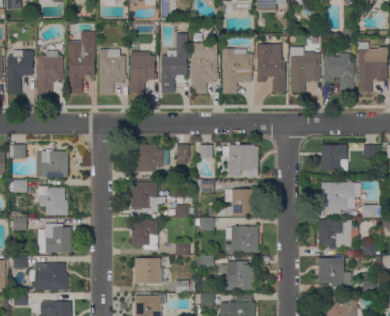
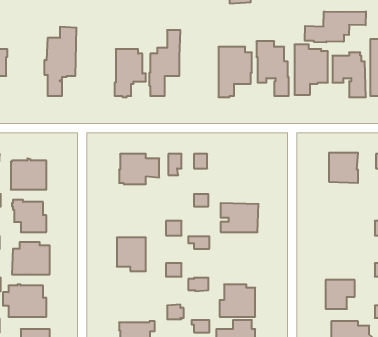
building: none -> [305,11,366,42]
building: [191,27,218,93] -> none
building: [98,49,126,94] -> none
building: [37,51,63,93] -> none
building: [222,143,258,177] -> none
building: [131,182,165,212] -> none
building: [321,182,360,212] -> none
building: [318,220,359,249] -> none
building: [225,226,258,253] -> none
building: [134,258,162,283] -> none

